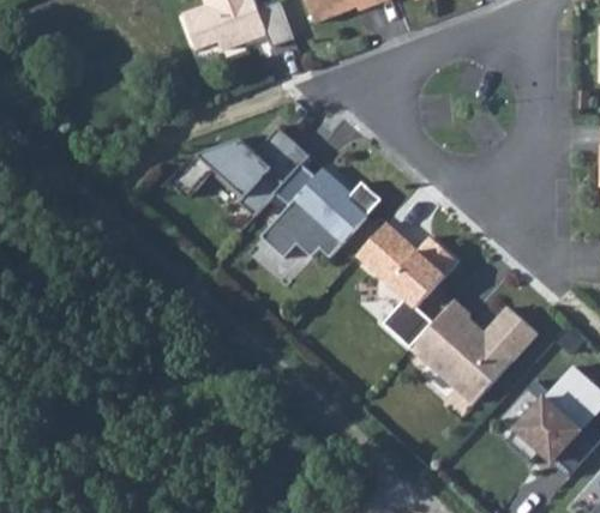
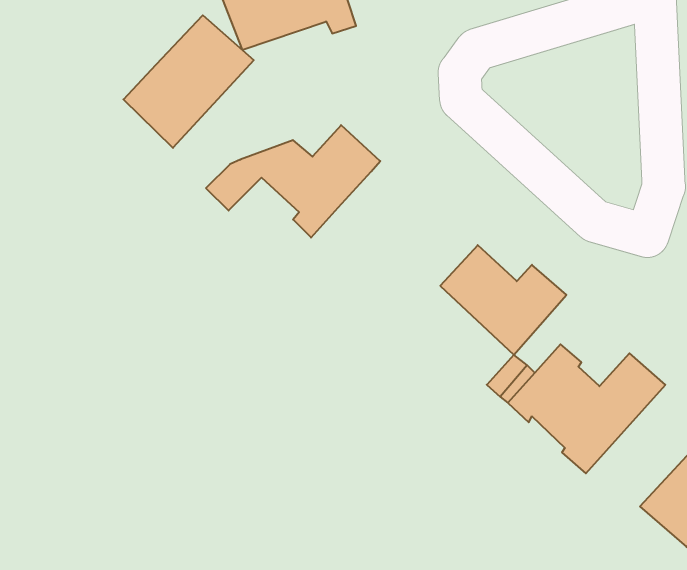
building: none -> [123,15,254,148]
building: [260,162,380,255] -> none

